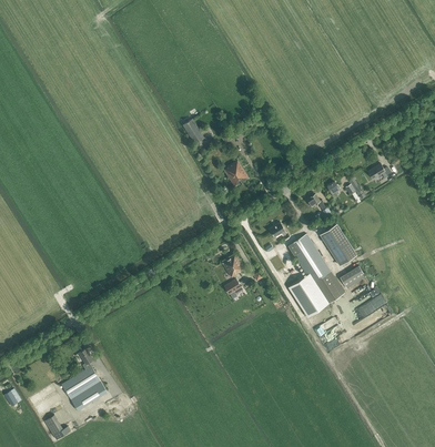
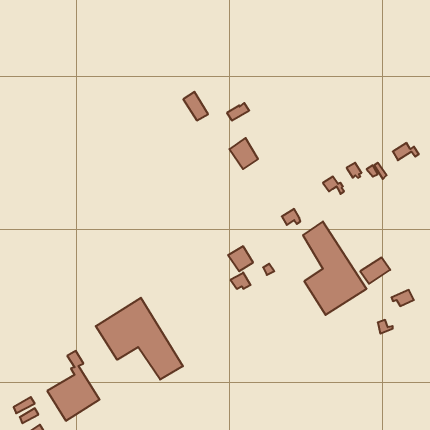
building: [318,223,356,265] -> none
building: none -> [96,298,183,380]

